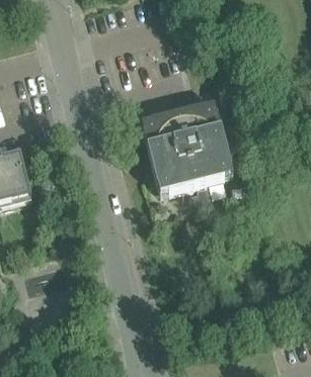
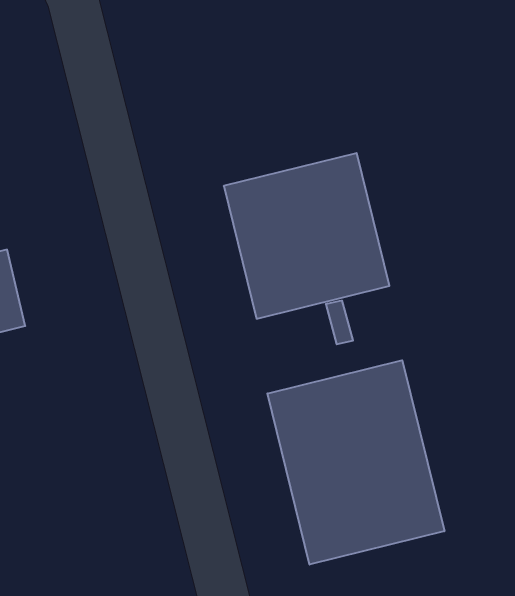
building: none -> [267,360,444,565]

